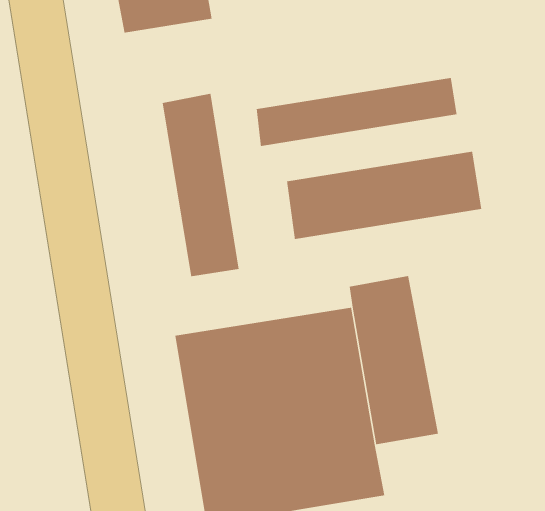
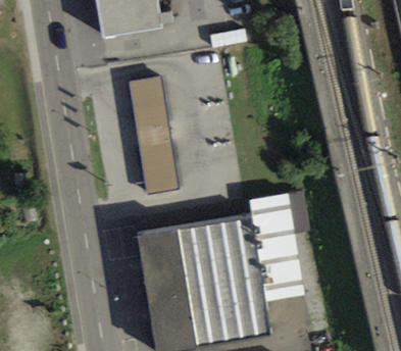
building: [256,77,457,147] -> none
building: [286,151,482,240] -> none

